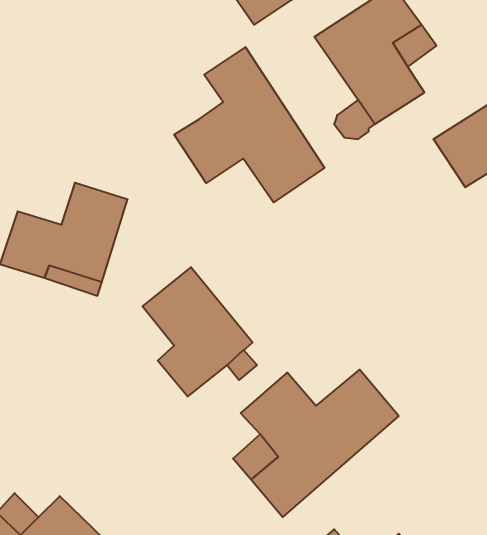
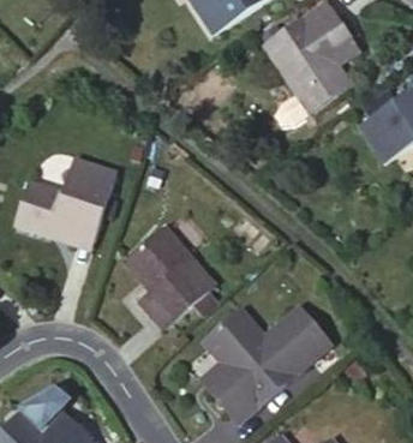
building: [174,47,324,202] -> none

